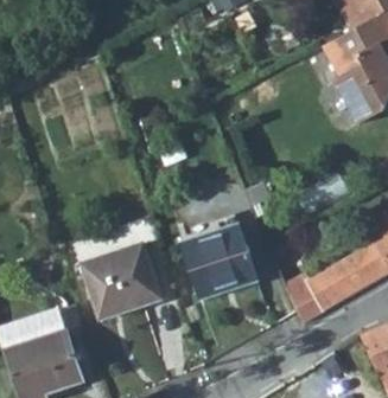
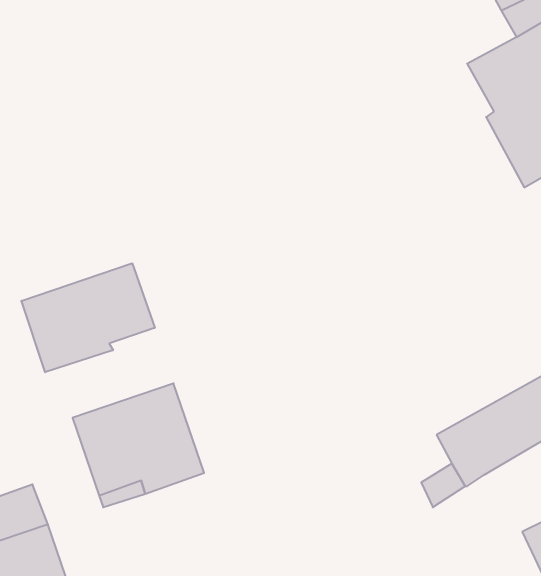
building: none -> [21,263,155,372]
building: [182,226,259,301] -> none

